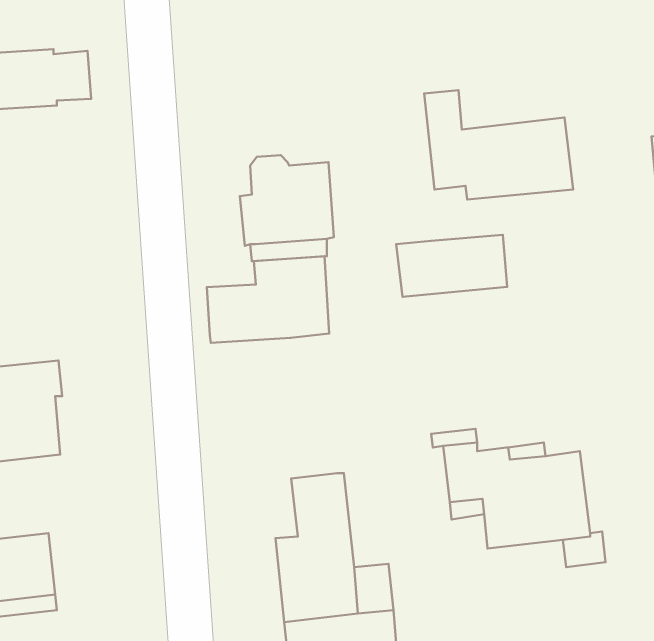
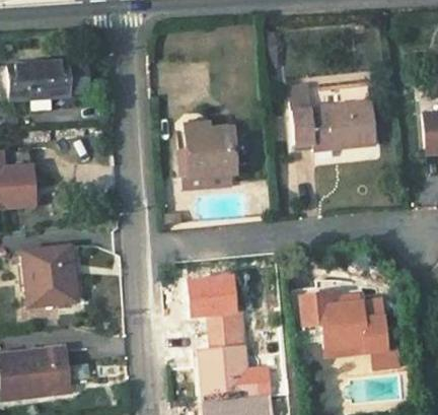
building: [396,235,507,297] -> none
building: [207,256,329,343] -> none
building: none -> [191,276,236,318]

